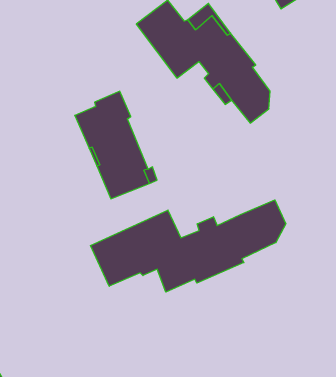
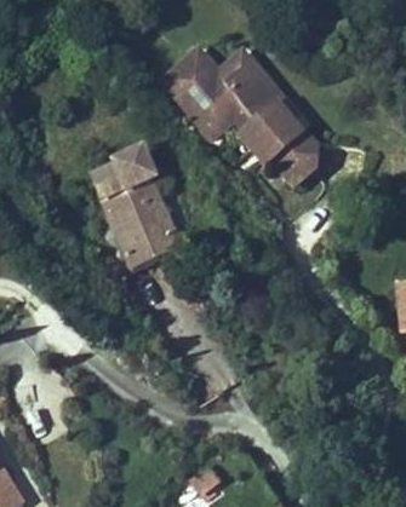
building: [91,200,286,292] -> none

